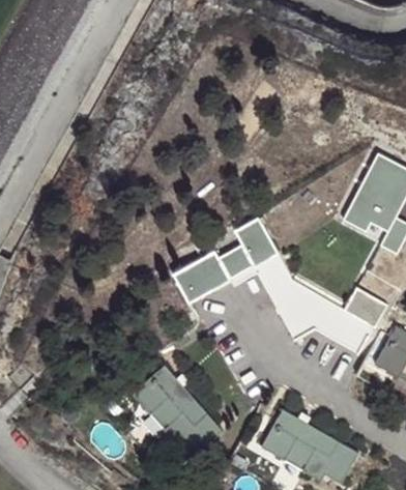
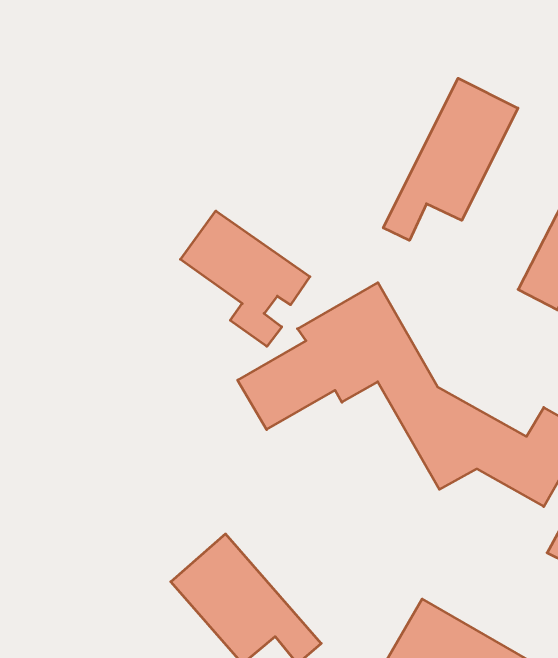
building: none -> [383,78,518,240]
building: none -> [180,211,310,346]

